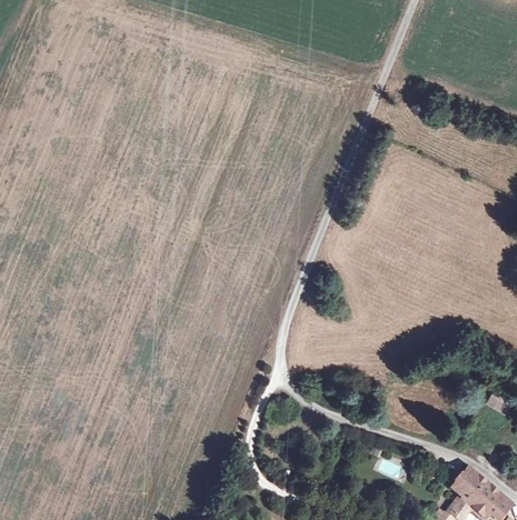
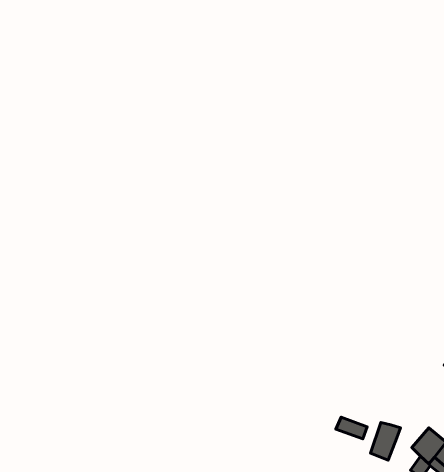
building: none -> [370,423,400,460]

